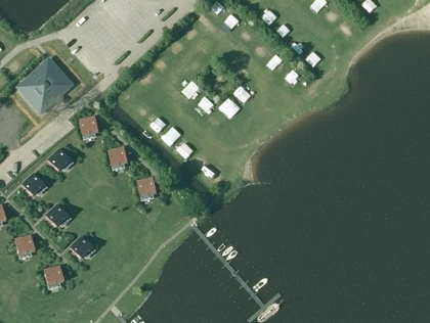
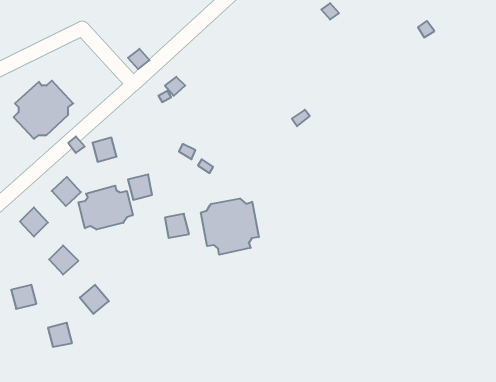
building: none -> [78,186,133,230]
building: none -> [201,198,259,255]

